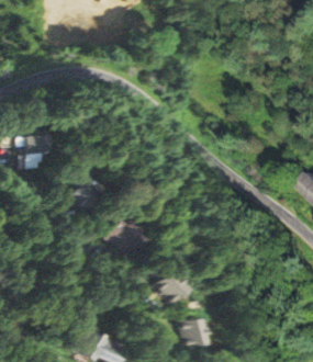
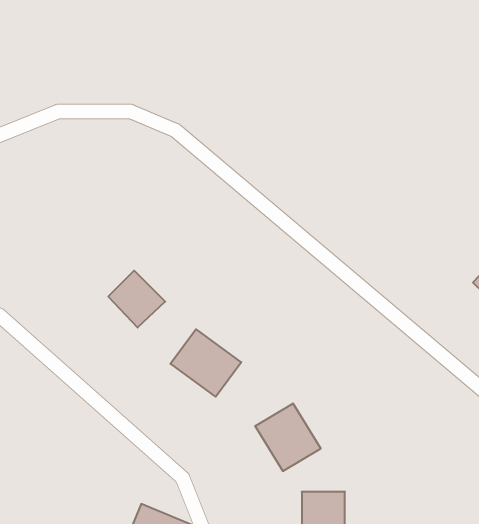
building: [14,135,48,169] -> none

